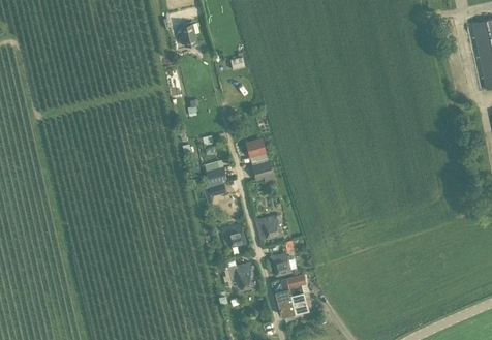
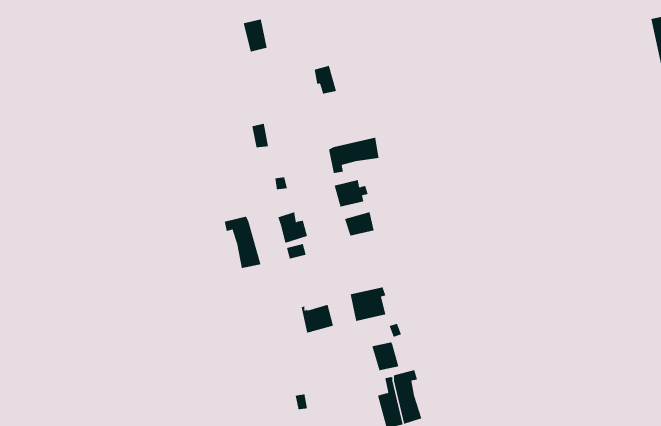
building: none -> [329,137,379,174]
building: none -> [224,216,261,269]
building: [228,266,254,286] -> none

